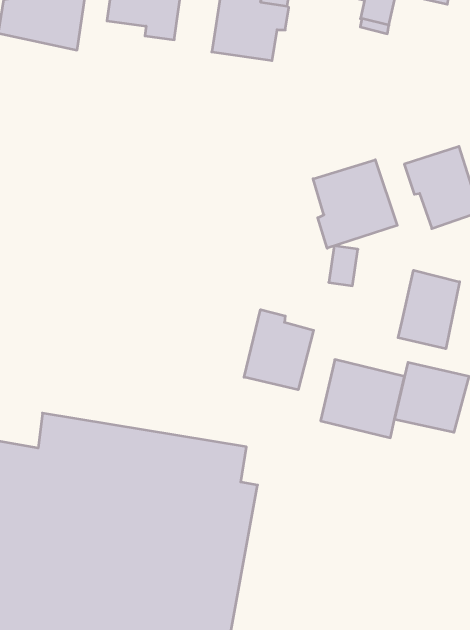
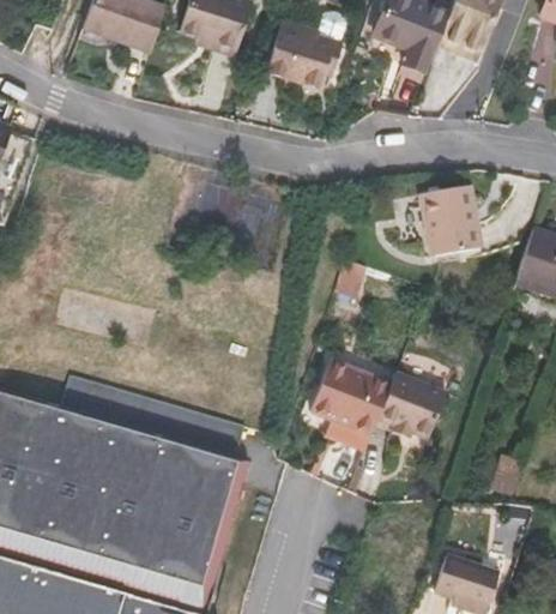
building: [313,160,397,248] -> none
building: [398,270,460,349] -> none
building: [244,310,314,390] -> none

